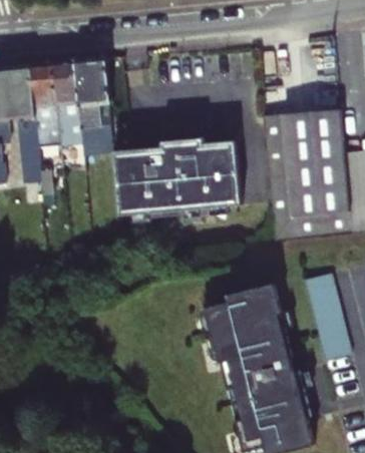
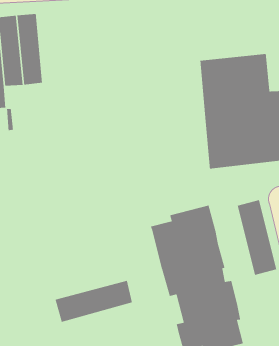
building: [76,59,110,155] -> none
building: [113,137,241,217] -> none
building: none -> [55,280,133,323]

